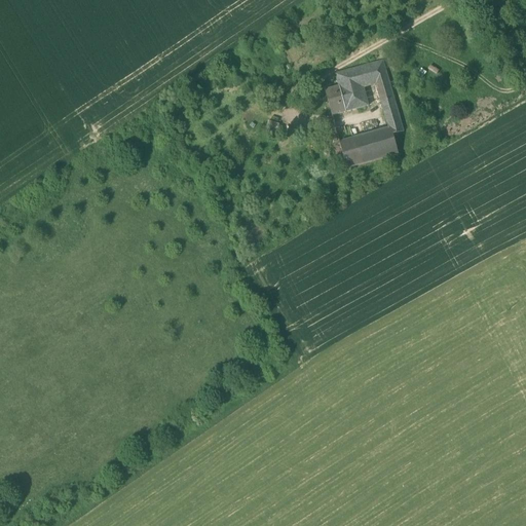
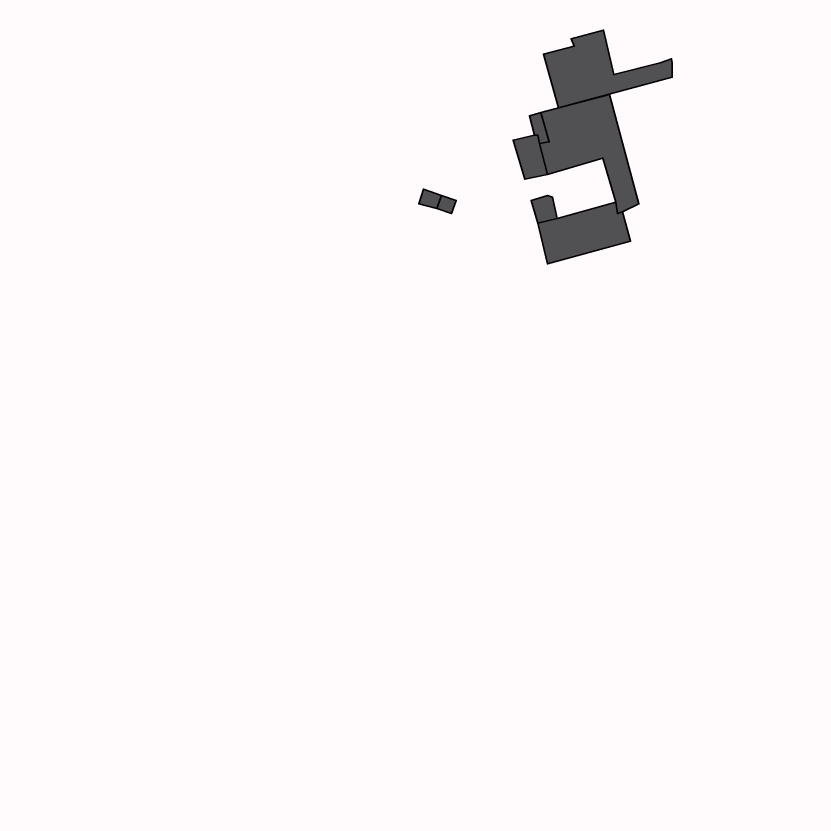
building: none -> [543,30,672,108]

